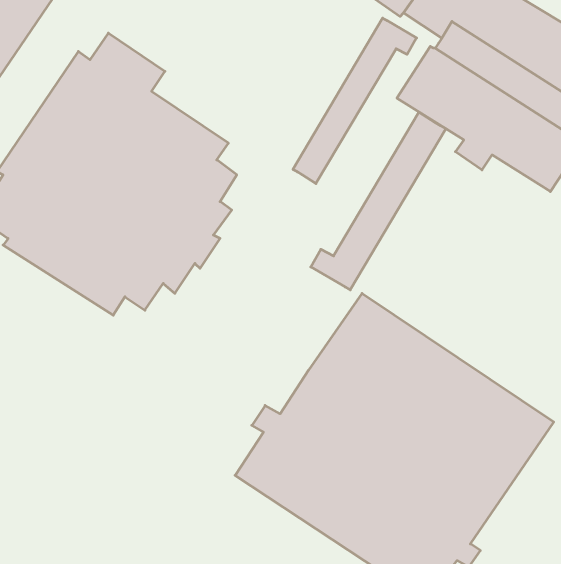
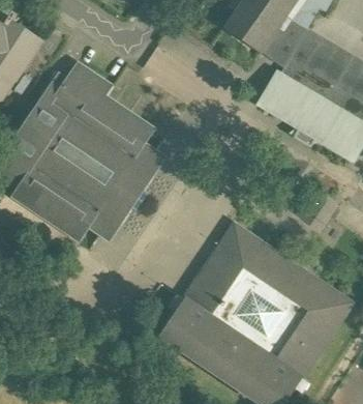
building: [293,18,417,184] -> none
building: [311,112,446,290] -> none

